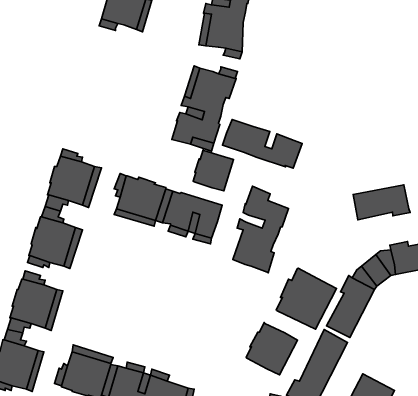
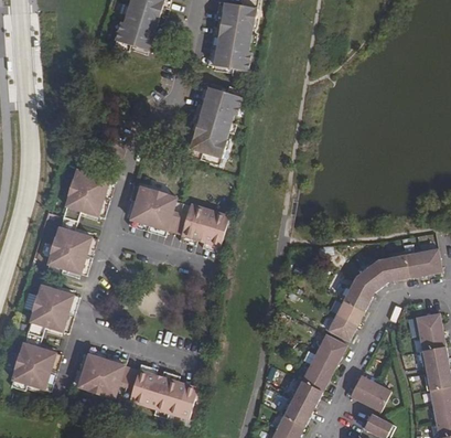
building: [222,120,302,168] -> none
building: [193,150,234,191] -> none
building: [353,185,410,220] -> none
building: [233,186,288,273] -> none
building: [276,268,336,329] -> none
building: [246,323,298,375] -> none

